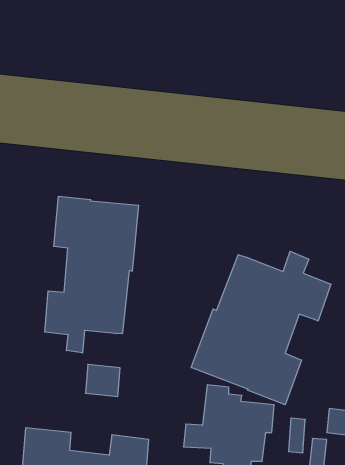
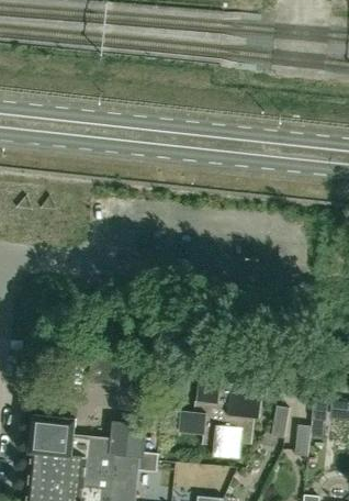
building: [45,196,139,353] -> none
building: [191,251,331,405] -> none

